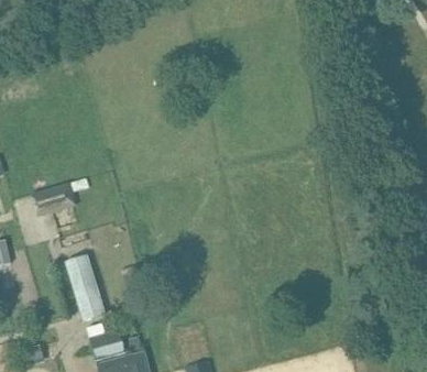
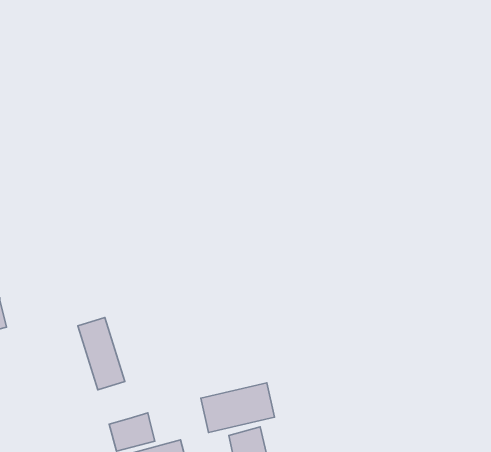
building: [40,184,75,212] -> none
building: none -> [201,383,275,432]

